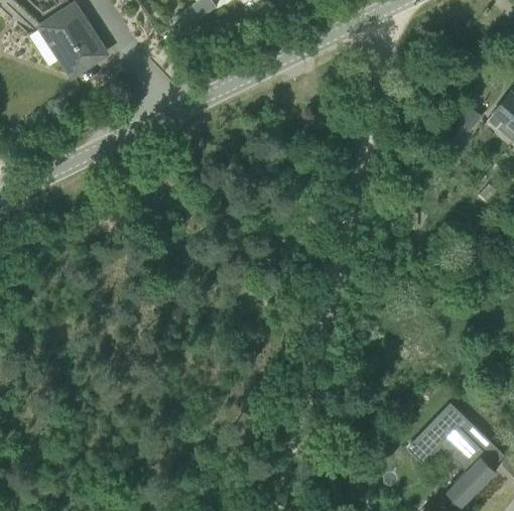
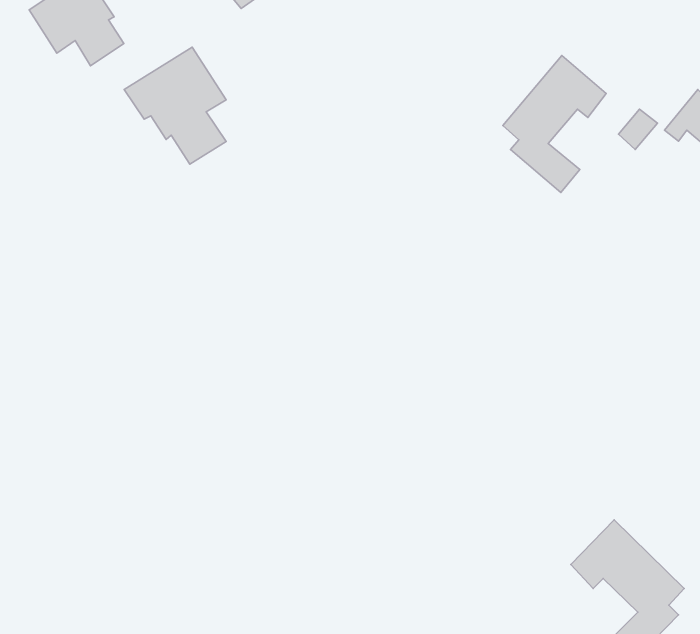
building: none -> [124,47,226,164]
building: none -> [503,56,606,192]

